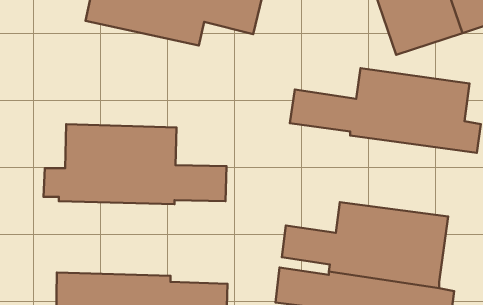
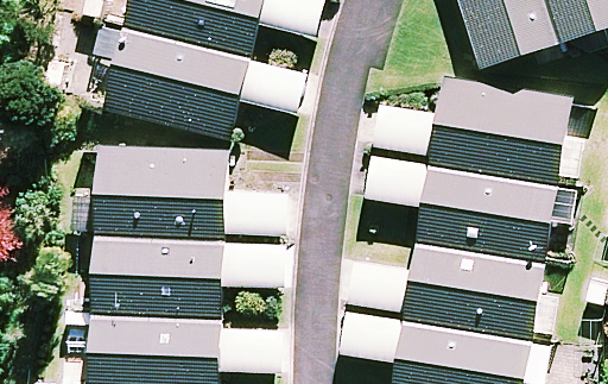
building: none -> [102,25,300,137]
building: none -> [352,153,576,252]
building: none -> [88,234,284,321]

